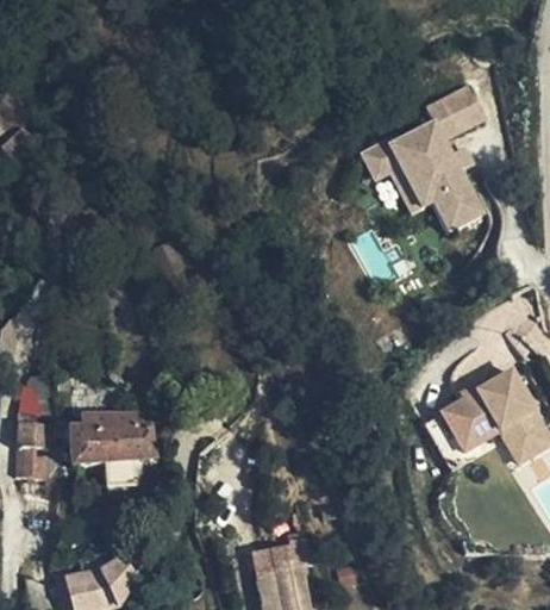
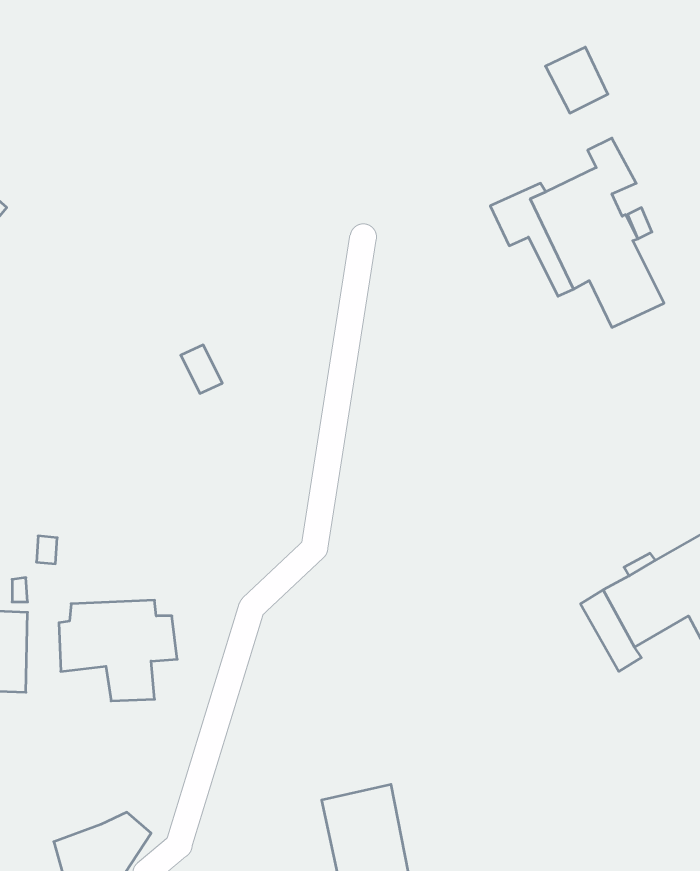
building: [448,85,490,130] -> [545,47,608,113]

